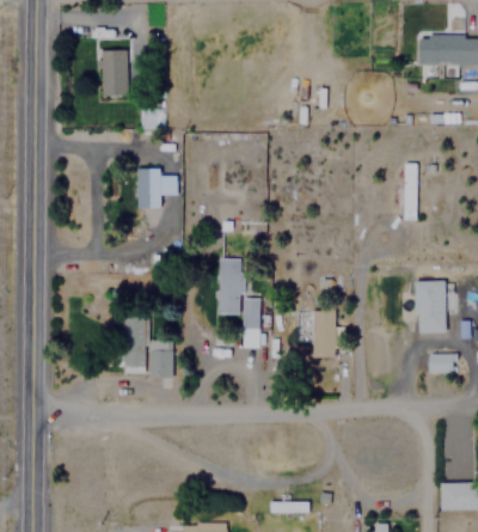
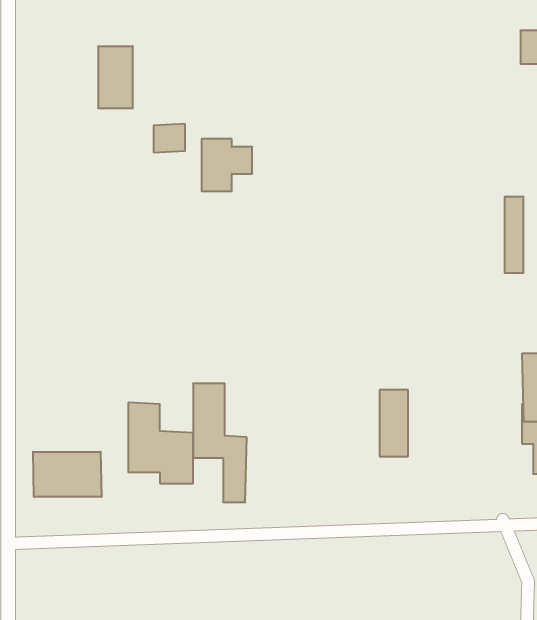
building: [136,169,174,208] -> [202,139,252,191]
building: [217,258,258,348] -> [193,383,247,502]
building: none -> [33,452,102,497]

